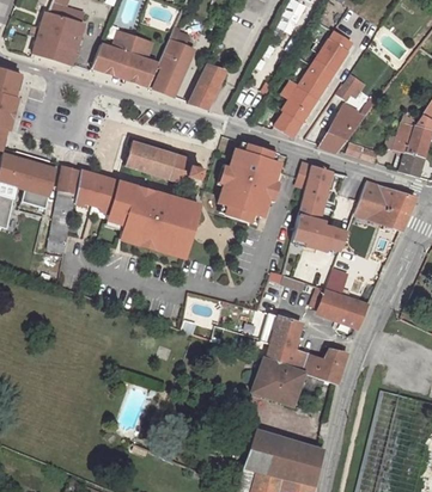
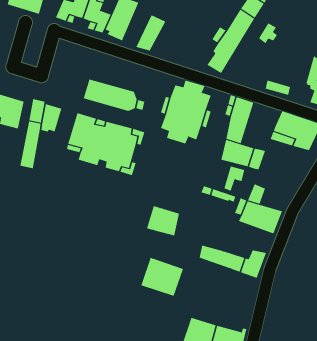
building: [320,104,365,154] -> none
building: [92,178,118,214] -> none
building: [261,313,302,350] -> [146,206,180,236]
building: [251,357,304,405] -> [140,257,184,296]

